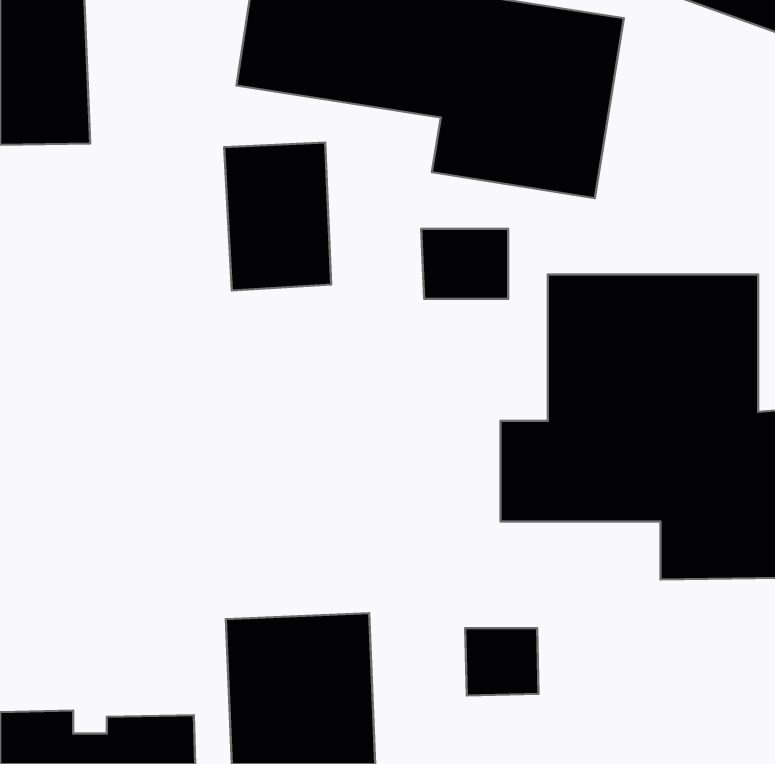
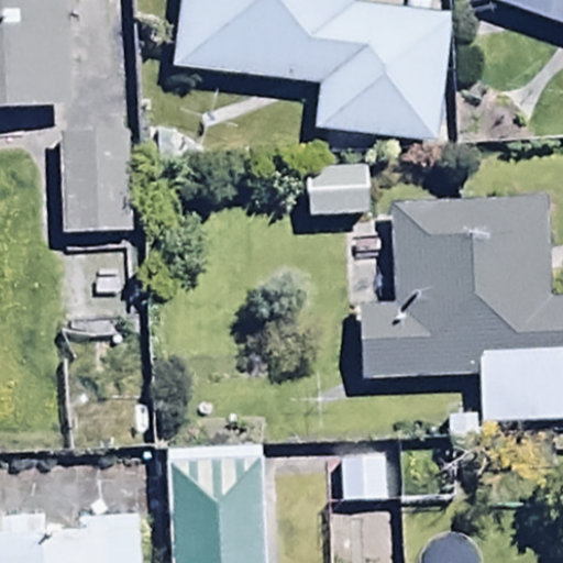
building: [224,143,331,291] -> [58,126,135,233]

